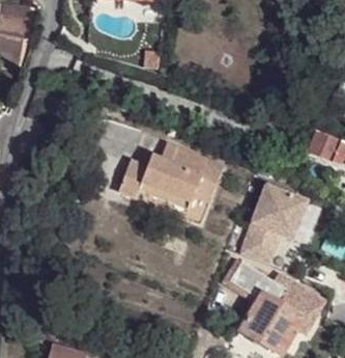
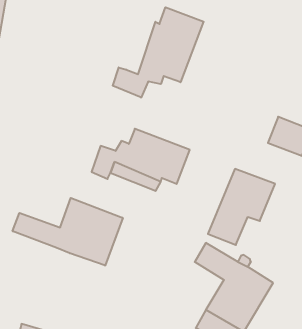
building: none -> [113,7,204,98]
building: none -> [13,198,123,266]

